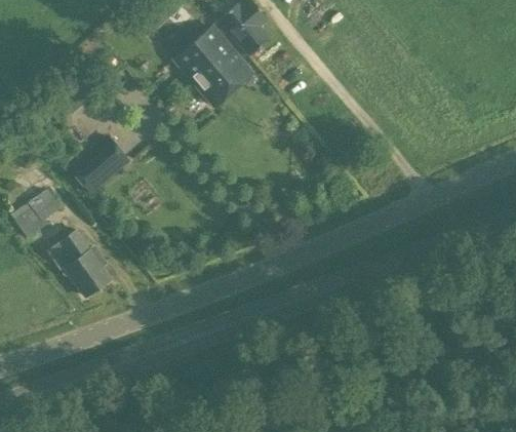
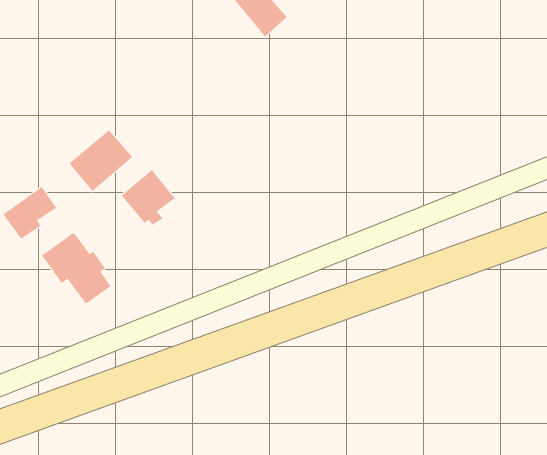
building: [176,26,251,102] -> none
building: none -> [121,169,175,226]

